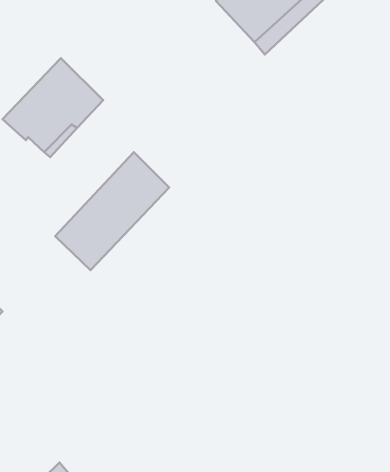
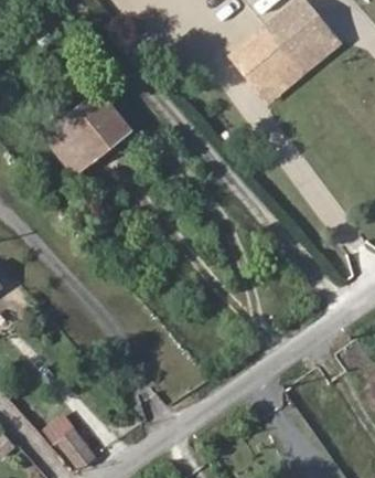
building: [55,152,169,270] -> none

